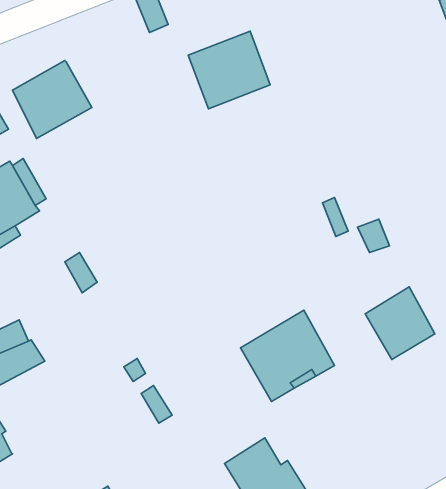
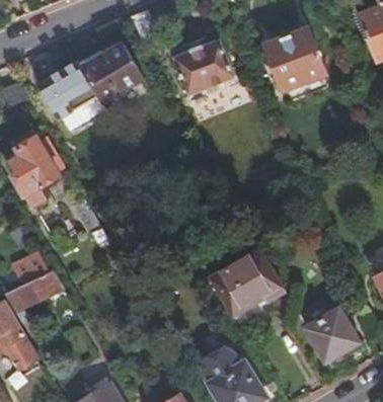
building: none -> [264,26,325,90]
building: none -> [79,42,144,102]
building: [365,287,435,359] -> [307,307,360,361]

